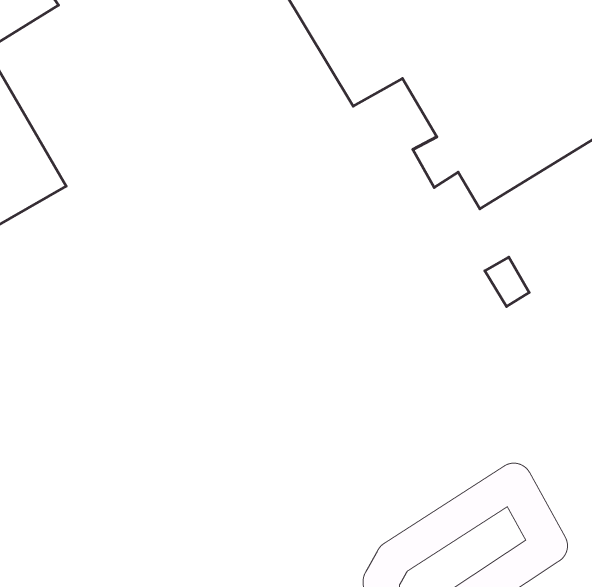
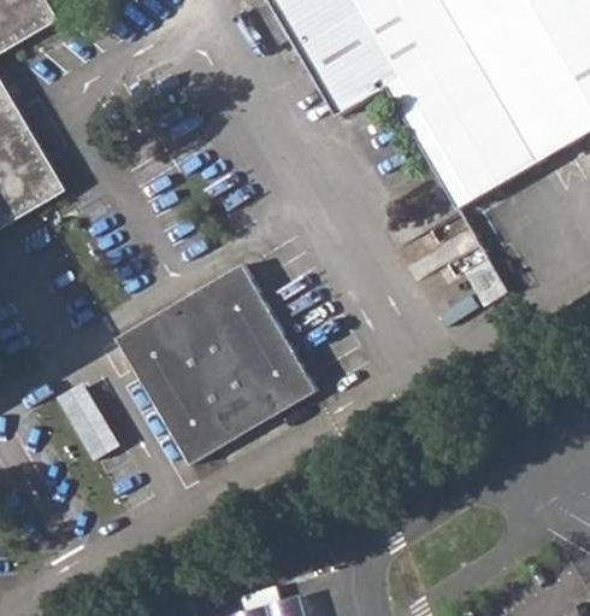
building: none -> [117,264,318,462]
building: none -> [58,379,120,458]

